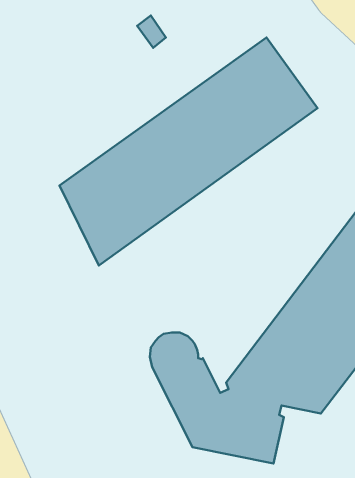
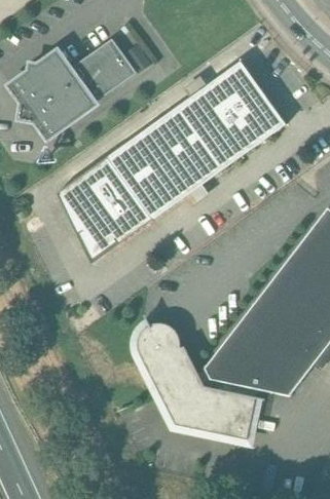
building: none -> [11,38,136,136]

